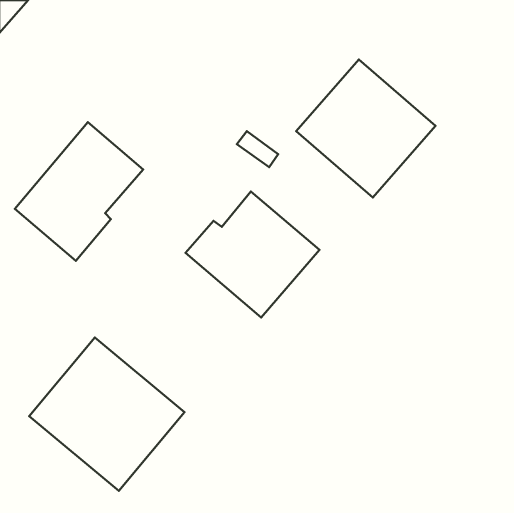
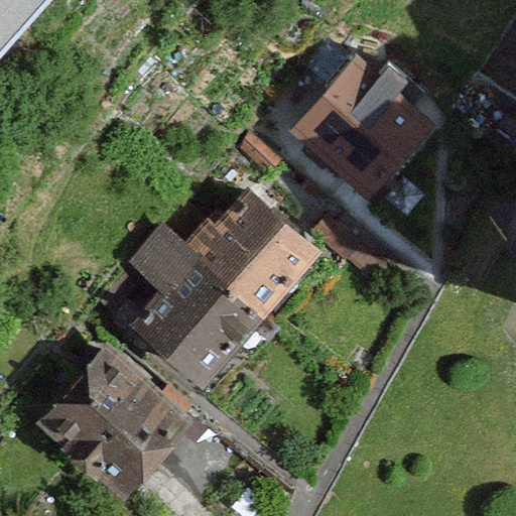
building: [15,122,143,261] -> none
building: none -> [129,232,261,387]

